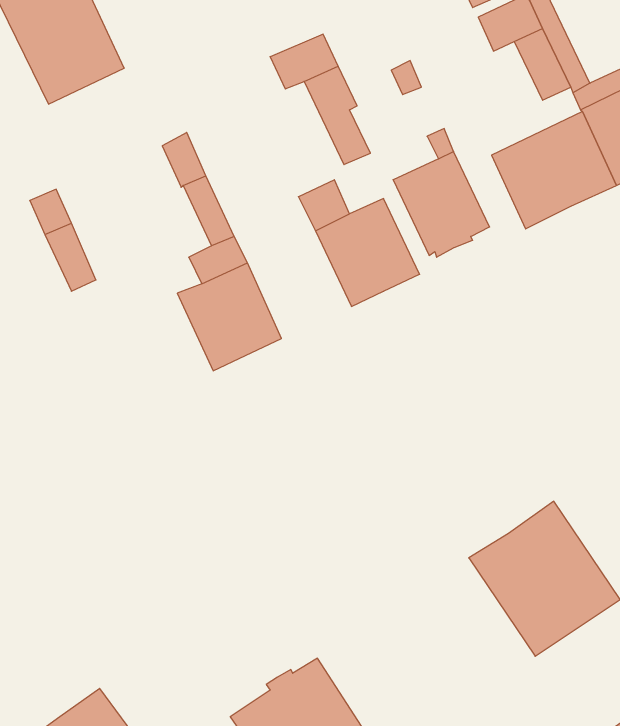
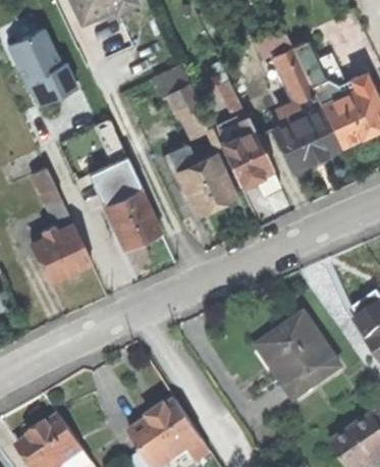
building: none -> [30,222,90,281]

